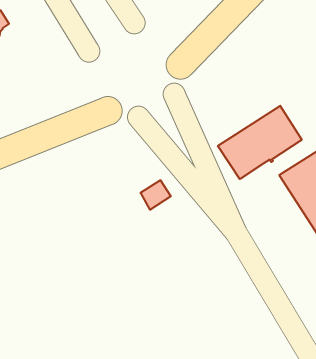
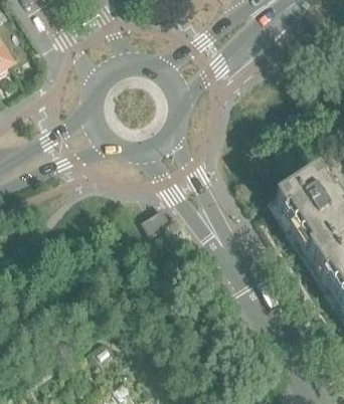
building: [218,106,302,179] -> none

